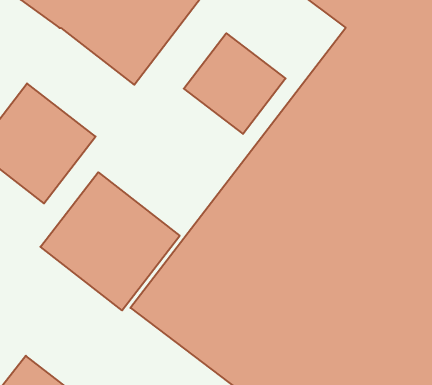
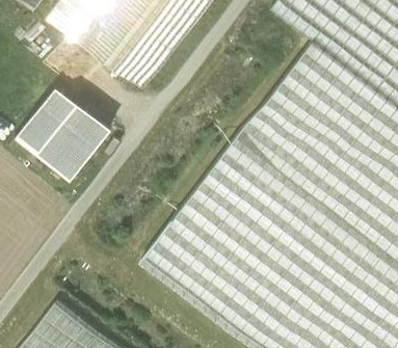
building: [184,33,286,134] -> none
building: [40,172,180,310] -> none

